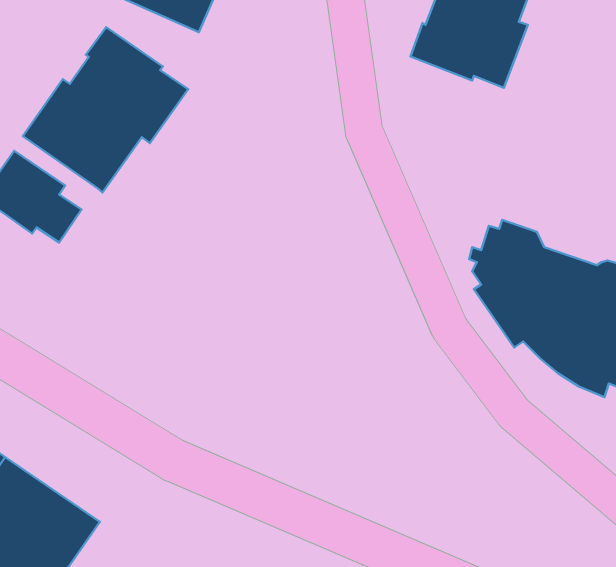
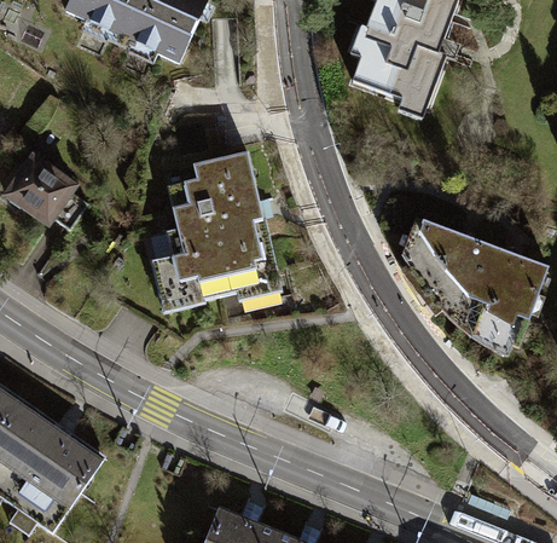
building: [23,27,188,192] -> none
building: none -> [150,151,278,311]

